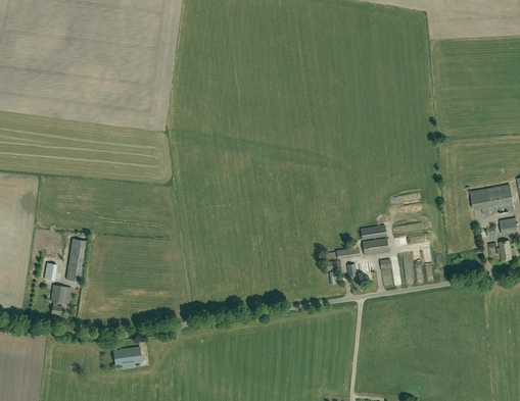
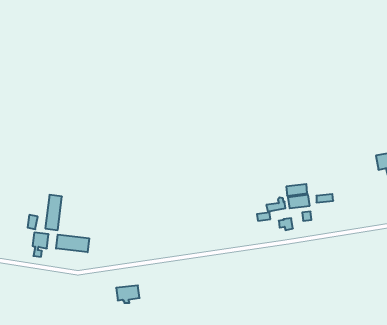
building: none -> [56,235,89,252]
building: [112,347,141,368] -> [116,285,140,303]

